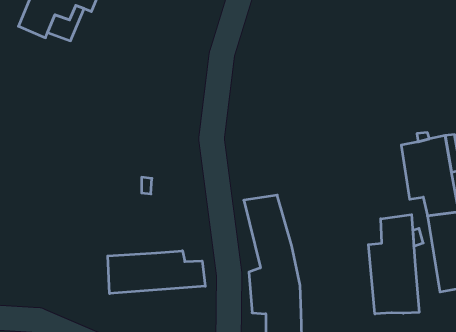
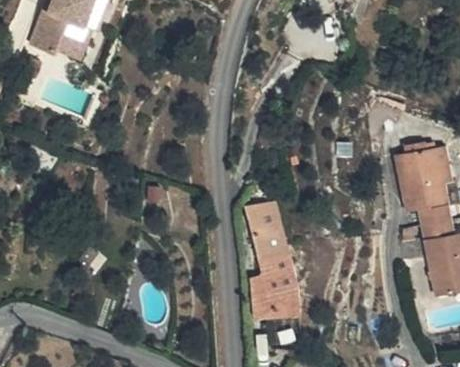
building: [368,215,419,314] -> none
building: [108,251,205,294] -> none

